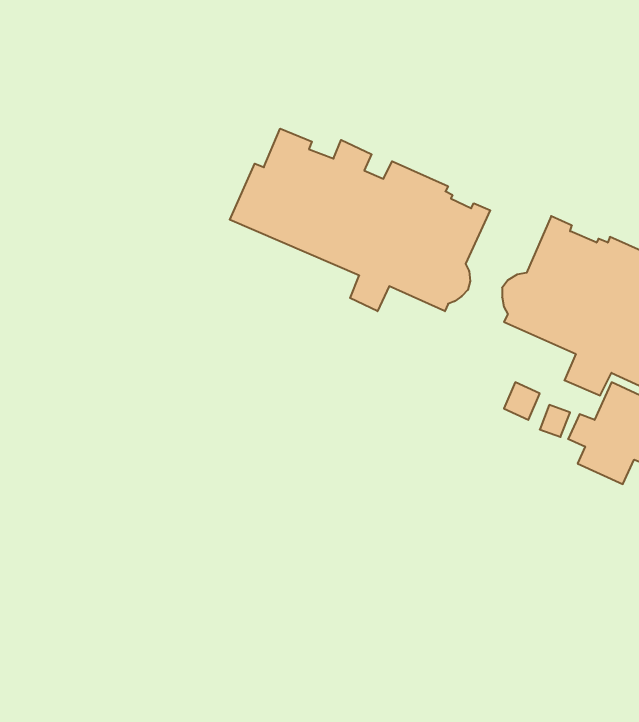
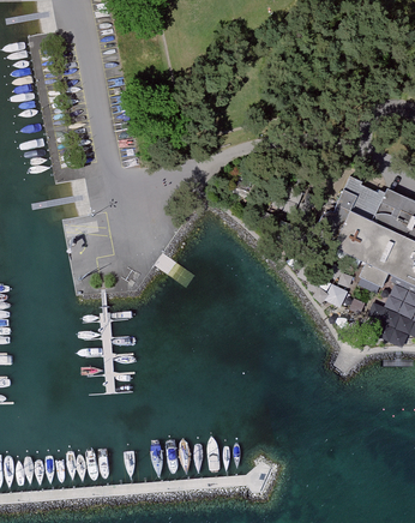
building: [230,129,490,311] -> none

